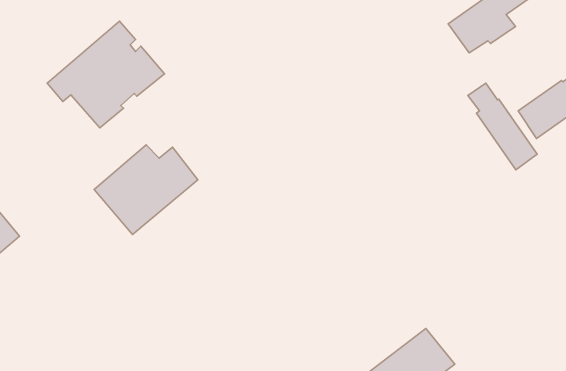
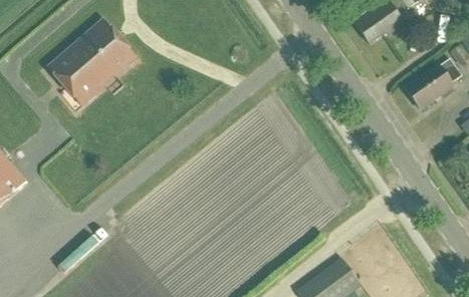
building: [468,83,537,170] -> none
building: [94,145,198,234] -> none

